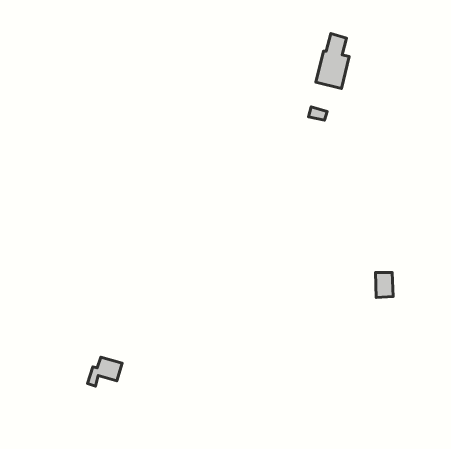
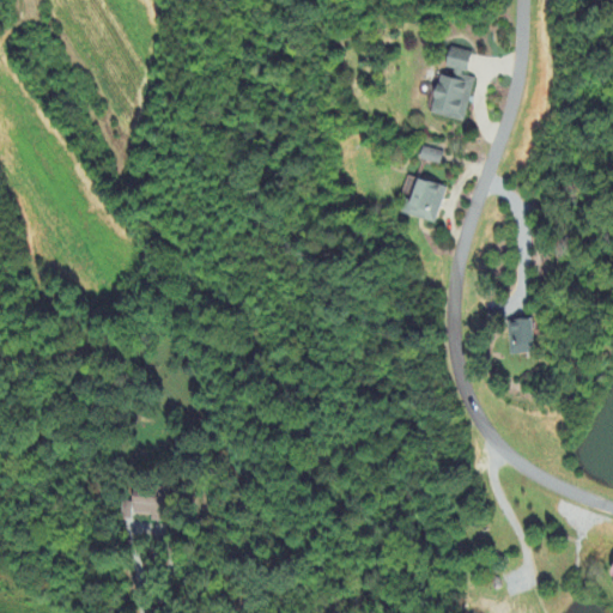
building: none -> [400,178,445,221]
building: [375,273,393,297] -> [509,318,533,352]

